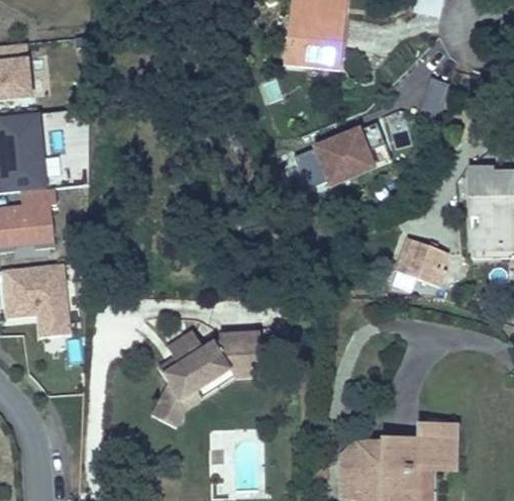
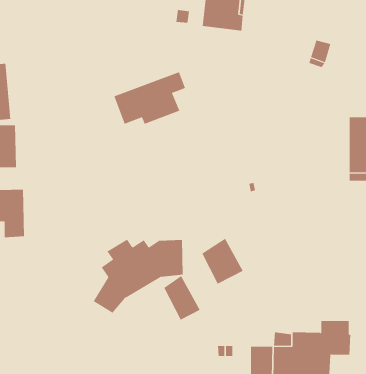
building: [291,119,382,186] -> [114,71,186,124]
building: [414,254,448,286] -> none
building: none -> [202,238,243,284]
building: none -> [163,275,200,320]

